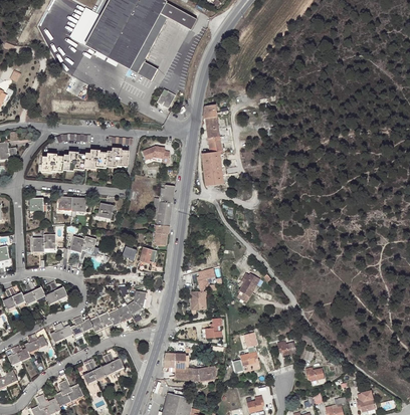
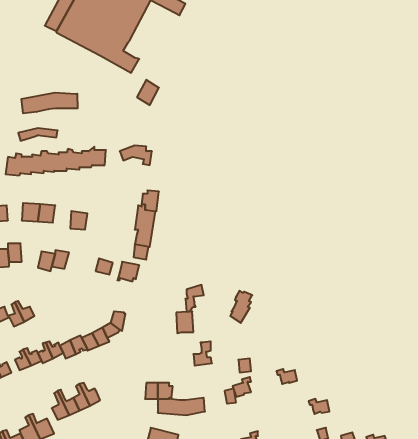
building: none -> [21,93,78,113]
building: [200,103,229,186] -> none

